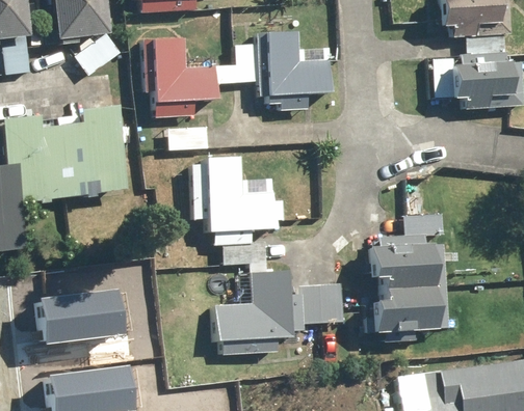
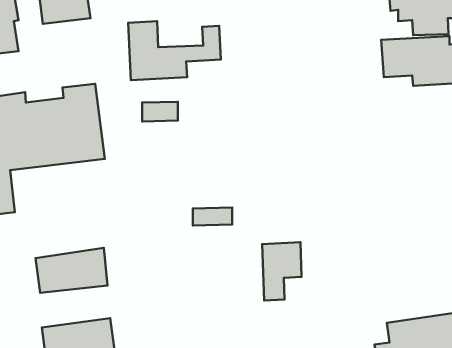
building: [265,32,330,98] -> none
building: [189,158,276,234] -> none
building: [369,214,445,332] -> none
building: [214,271,291,344] -> none

